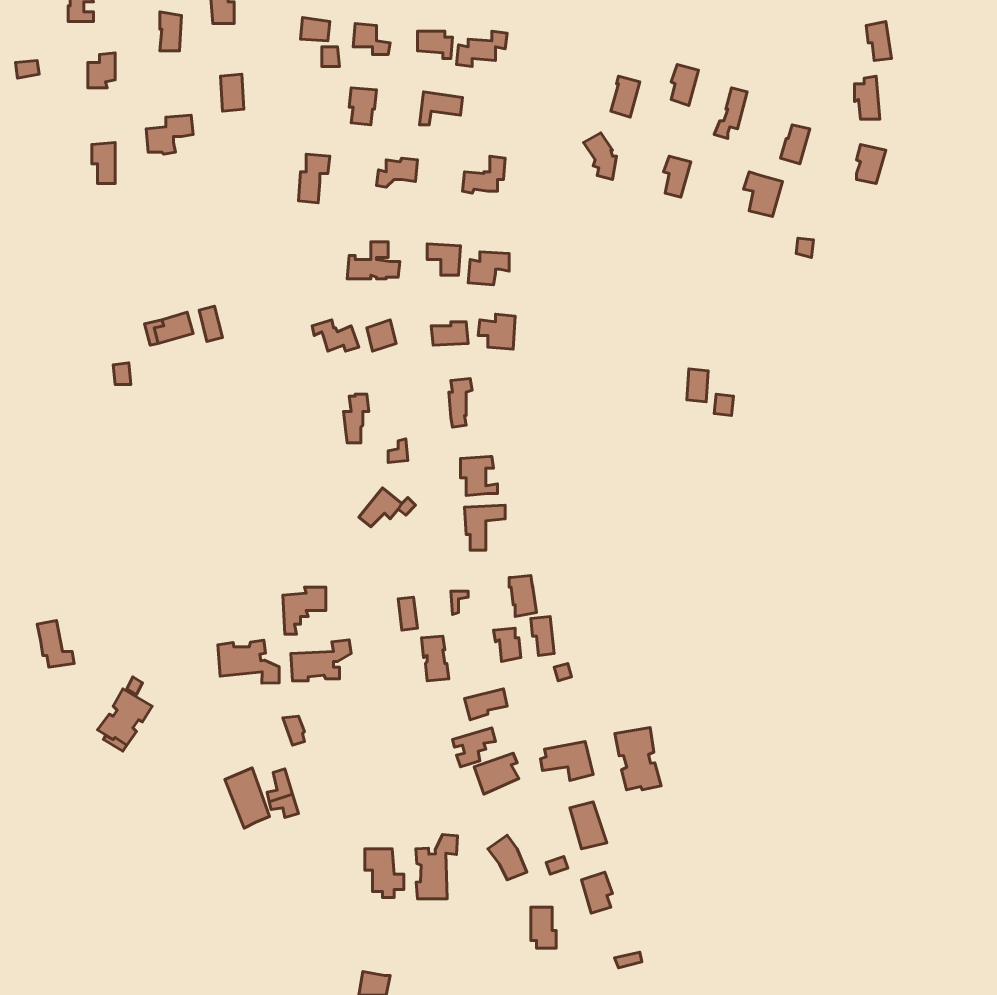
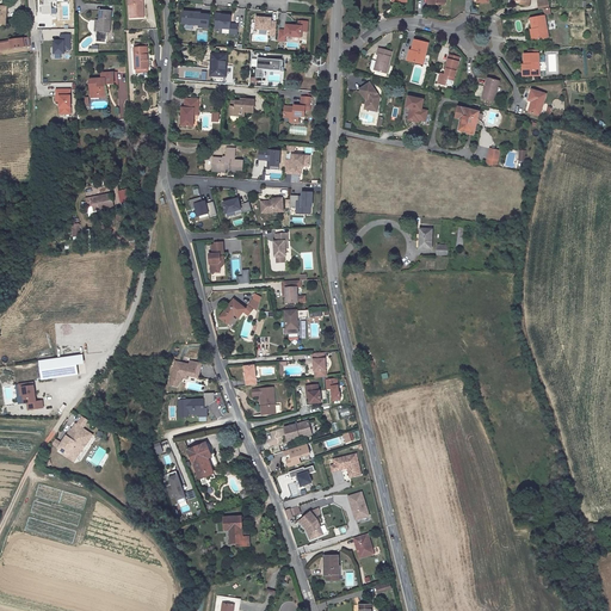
building: none -> [39,352,80,377]
building: [218,640,279,683] -> none
building: [615,727,661,790] -> none
building: [225,768,270,828] -> [187,443,215,480]
building: [416,835,457,899] -> none

